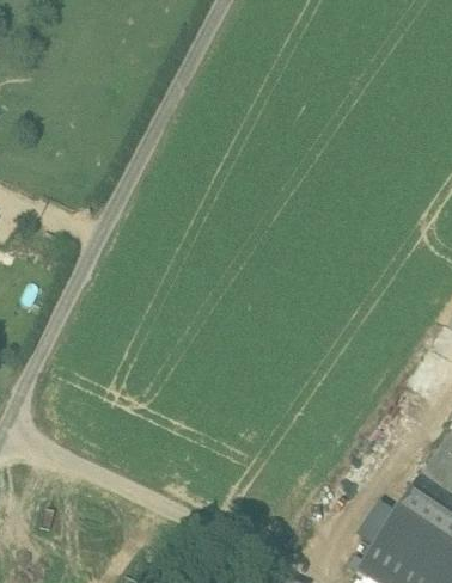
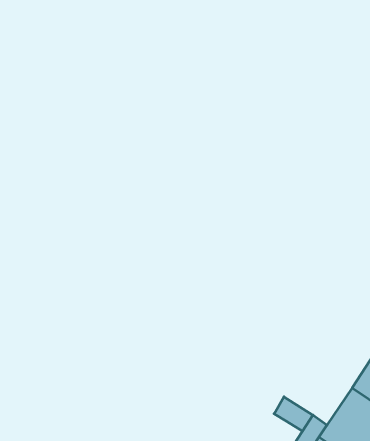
building: none -> [274,397,313,431]

